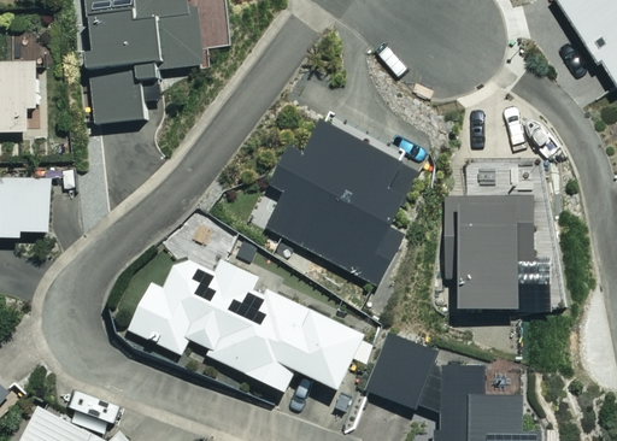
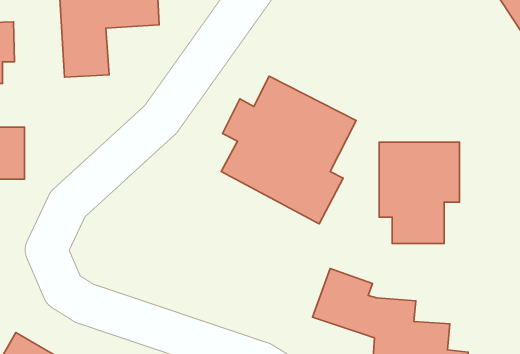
building: [128,257,362,392] -> none

